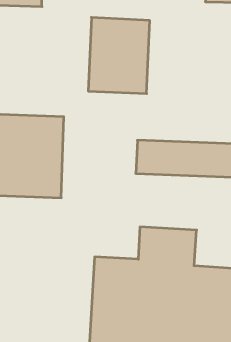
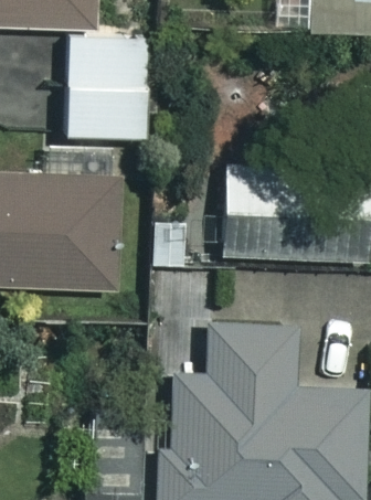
building: [88,17,150,94] -> [65,32,149,136]

